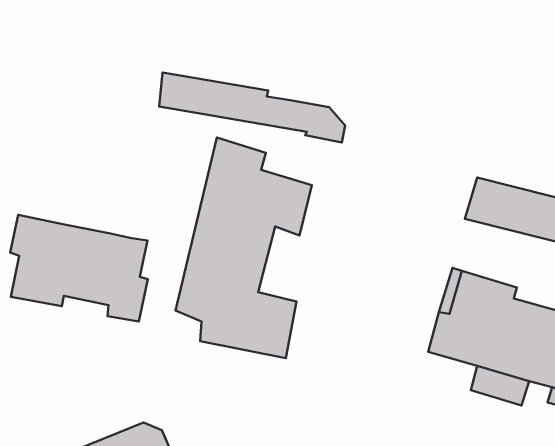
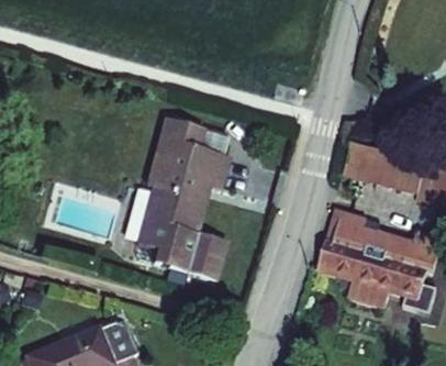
building: [159,72,345,143] -> none
building: [10,215,148,321] -> none

